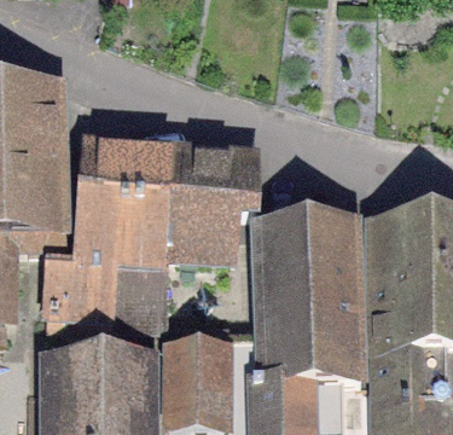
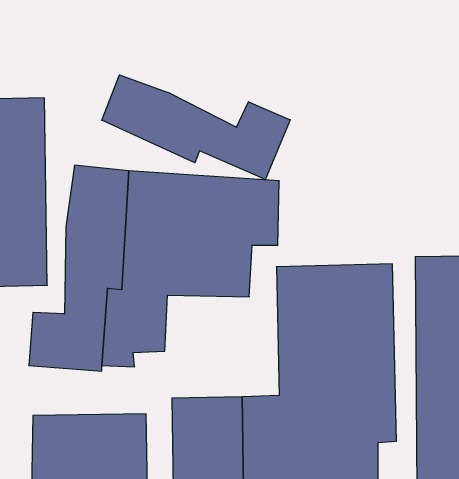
building: none -> [102,75,290,180]

